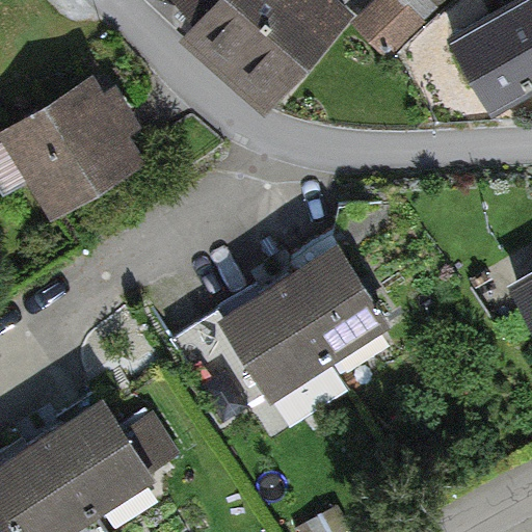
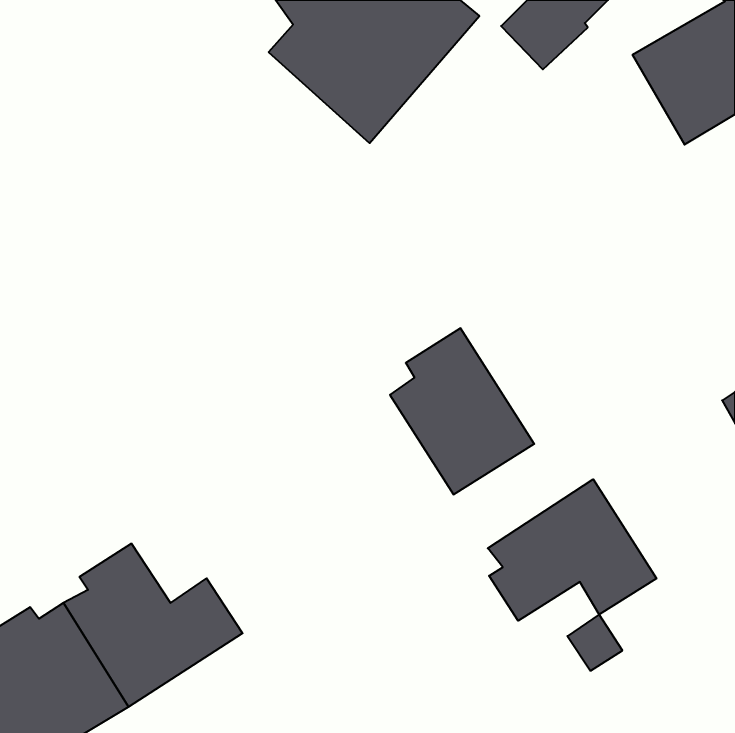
building: [9,85,133,209] -> none
building: [214,287,341,410] -> none
building: none -> [488,479,656,621]

